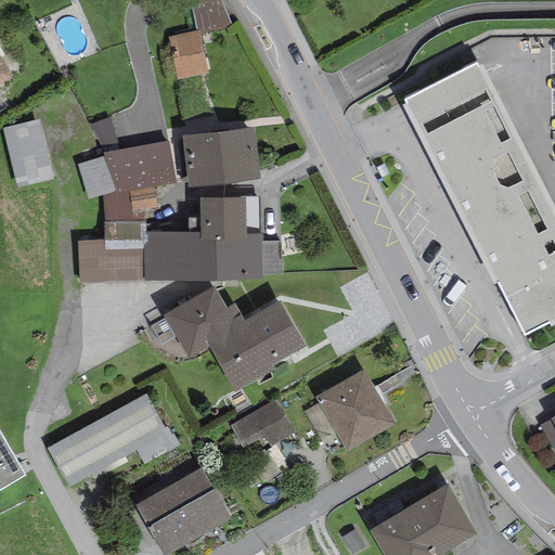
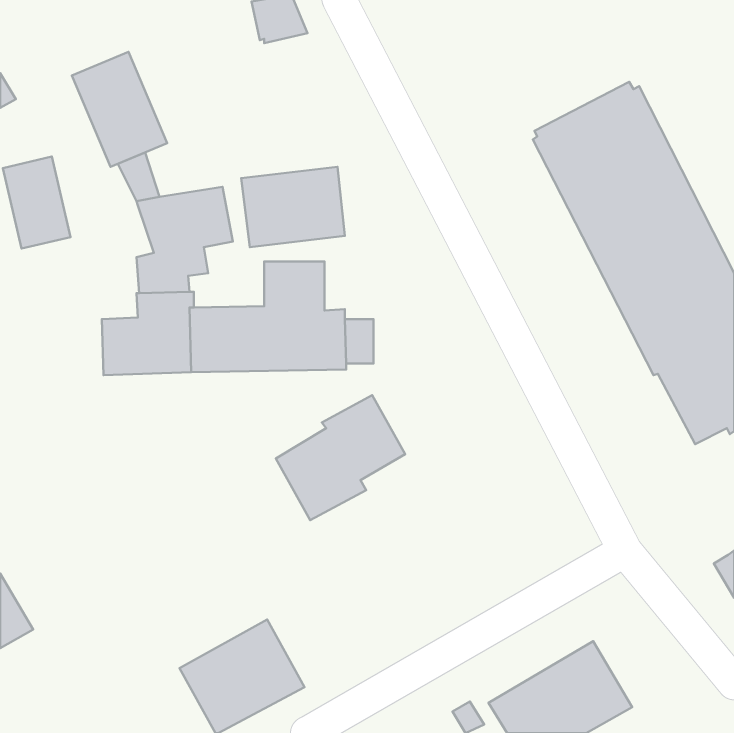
building: [168,29,208,79] -> none
building: none -> [72,52,167,167]
building: [77,155,116,199] -> none
building: [164,286,246,358] -> none
building: [314,369,395,451] -> none
building: [47,392,180,487] -> none
building: [229,399,295,447] -> none

